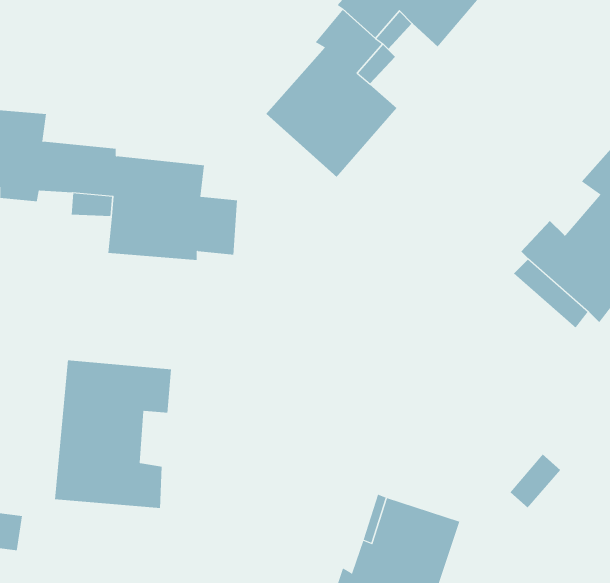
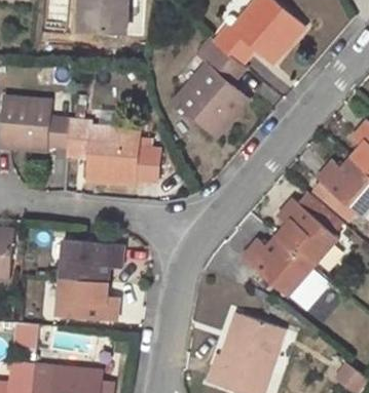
building: none -> [243,192,342,309]

